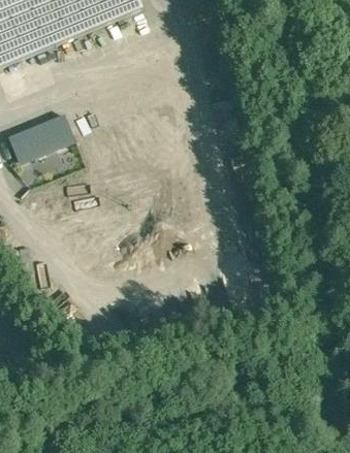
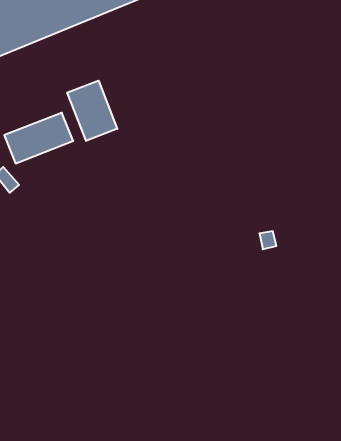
building: none -> [67,81,117,141]

